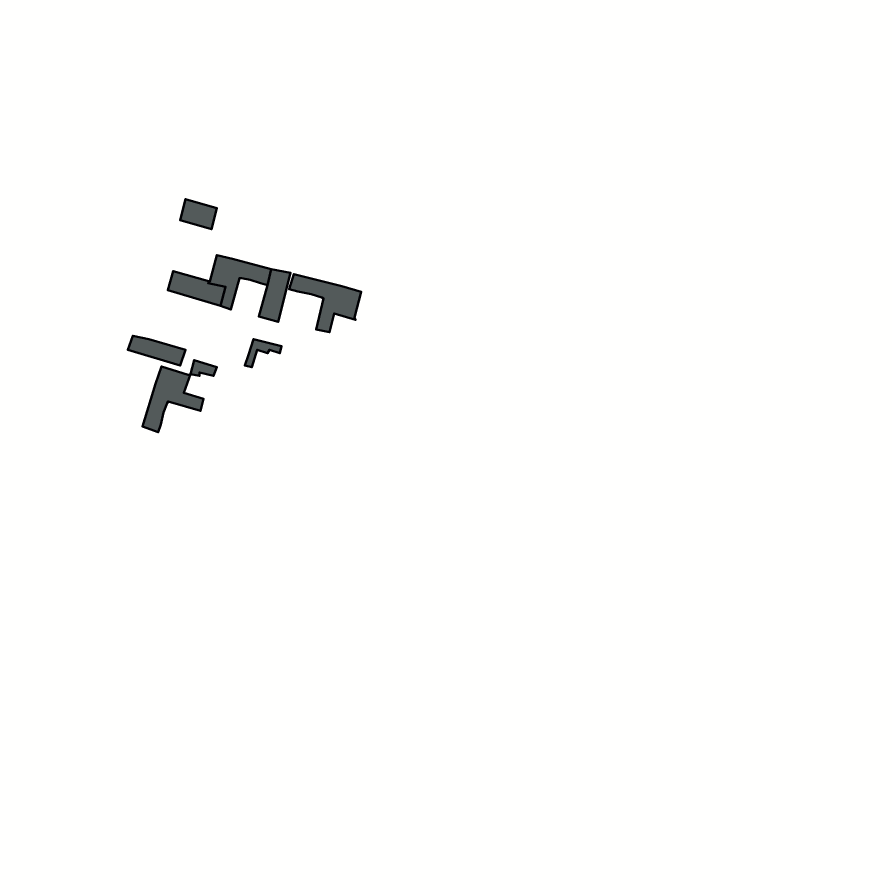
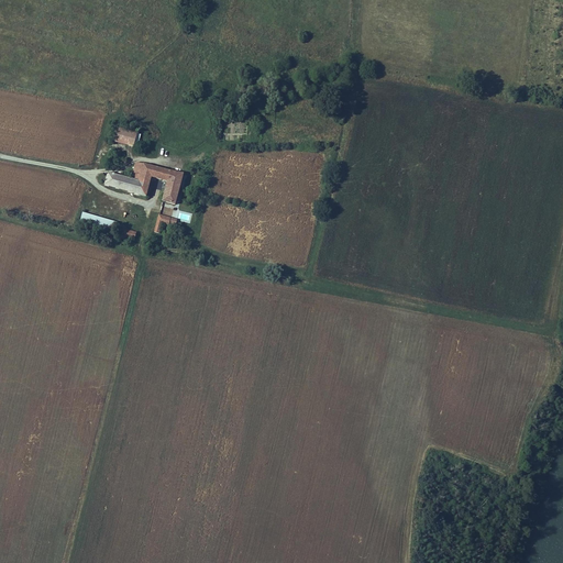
building: [289,274,361,332] -> none
building: [143,367,203,432] -> none

